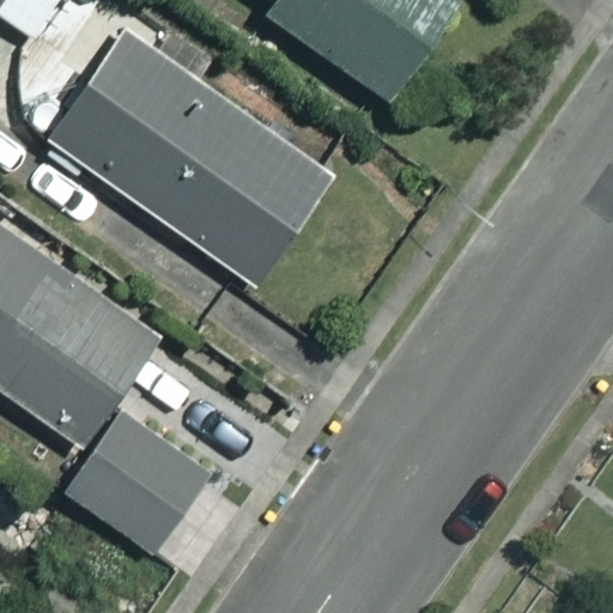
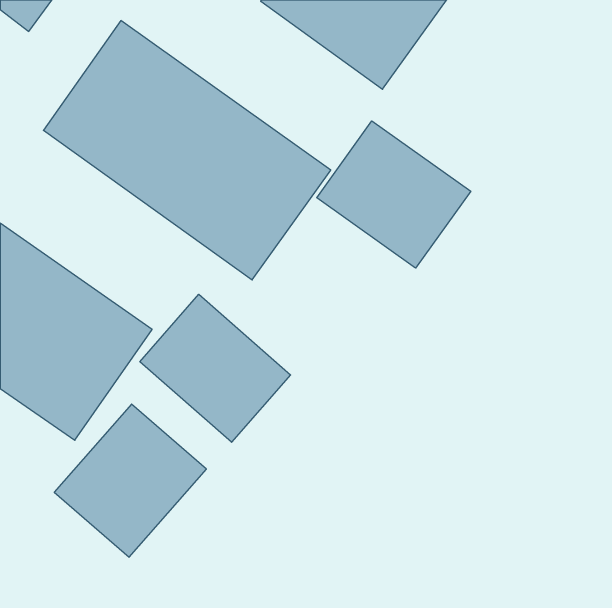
building: none -> [317,121,471,268]
building: none -> [140,294,291,442]

